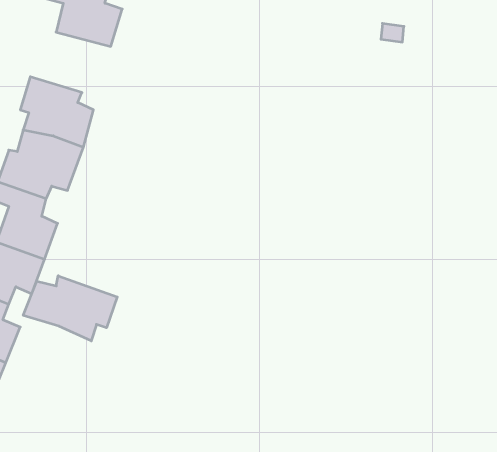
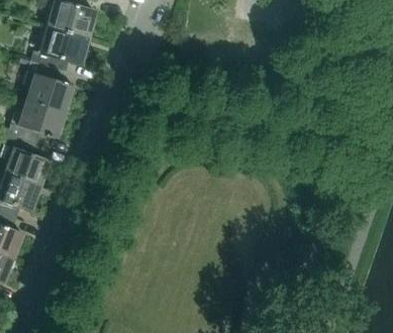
building: none -> [29,26,86,69]
building: [23,276,117,341] -> none

